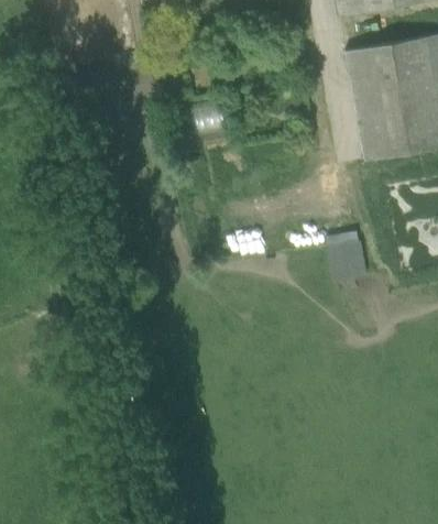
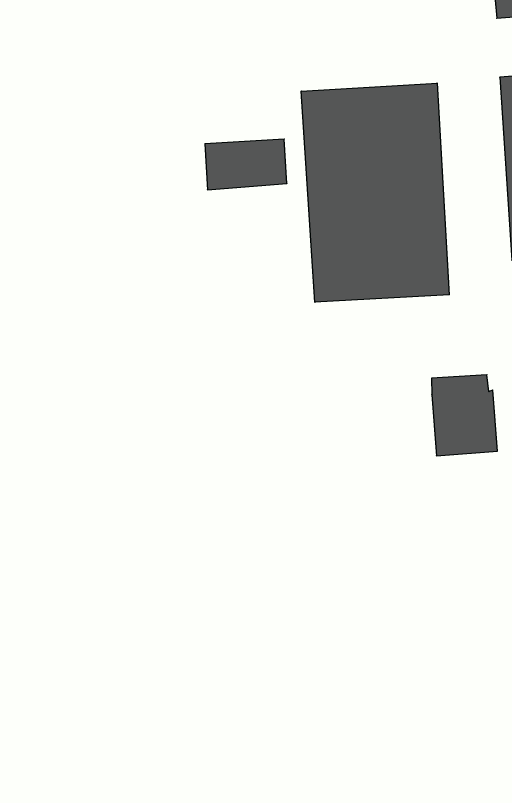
building: none -> [301,83,449,302]

